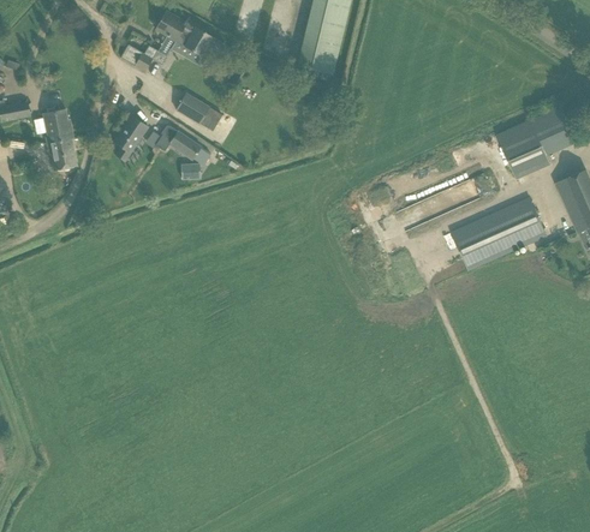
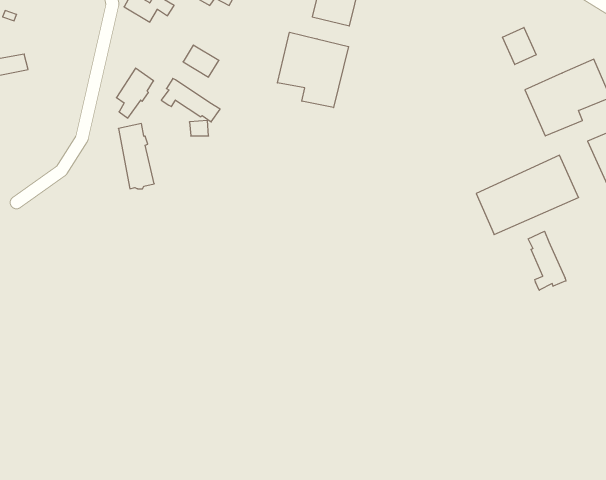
building: none -> [503,27,536,65]
building: none -> [277,32,349,108]
building: [43,108,77,169] -> [118,124,154,189]
building: none -> [528,231,566,290]

